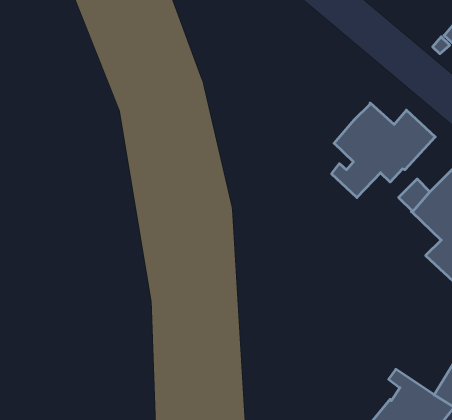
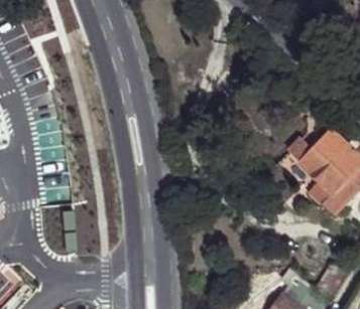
building: [332,103,435,198] -> none

